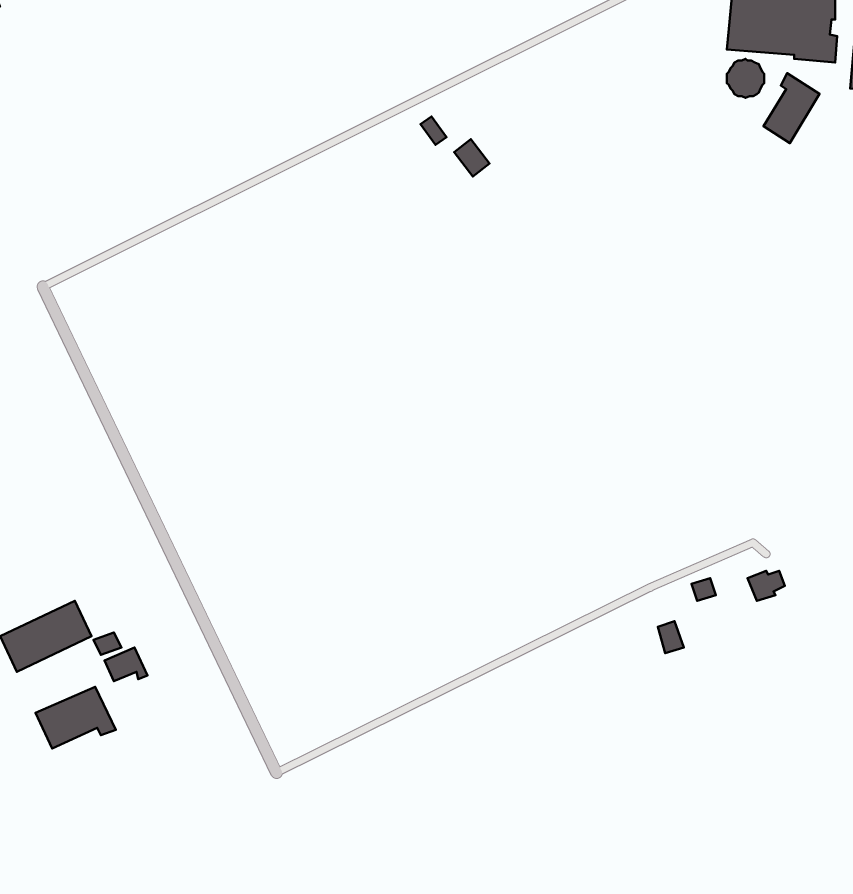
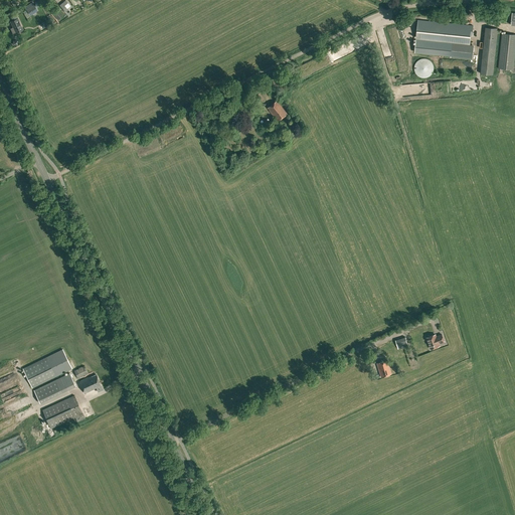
building: [763,73,820,143] -> none
building: none -> [34,373,75,403]

